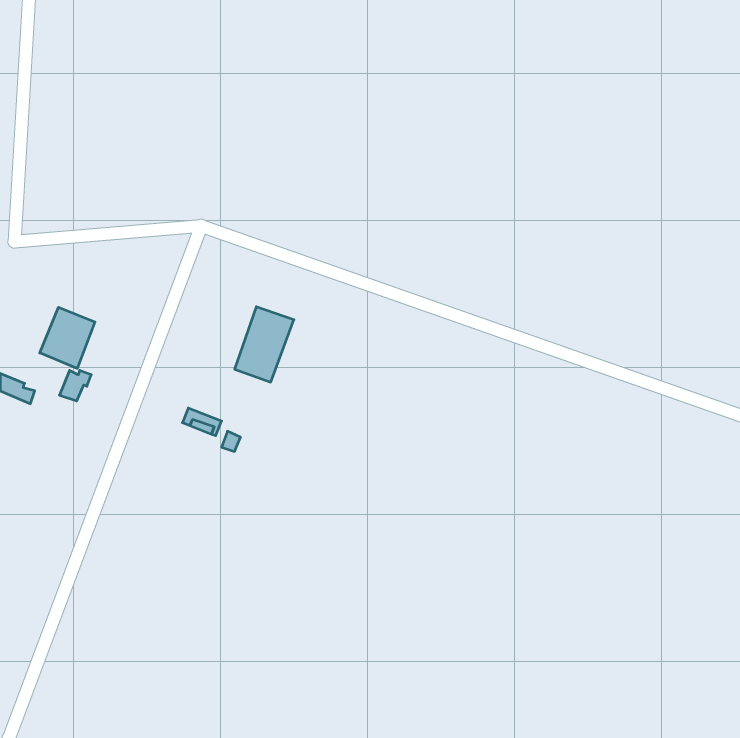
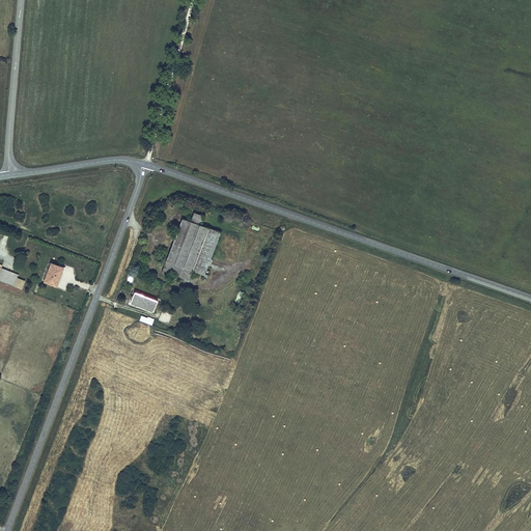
building: [40,307,95,368] -> none

